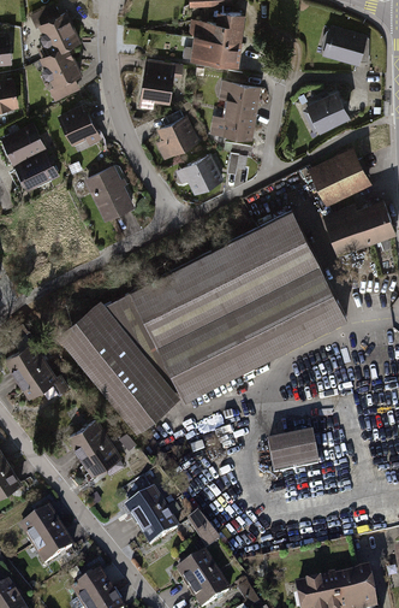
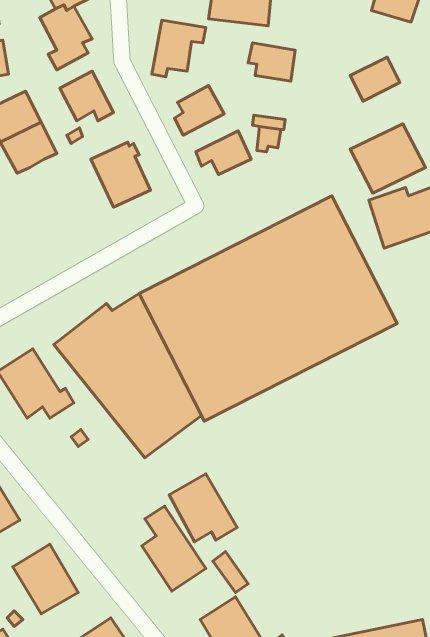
building: [212,108,256,138] -> none
building: [72,420,130,478] -> [169,474,237,542]
building: [267,432,318,472] -> none

